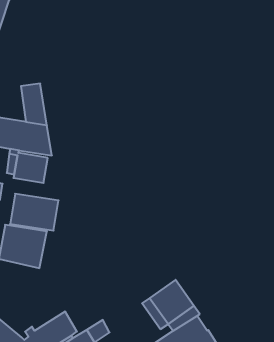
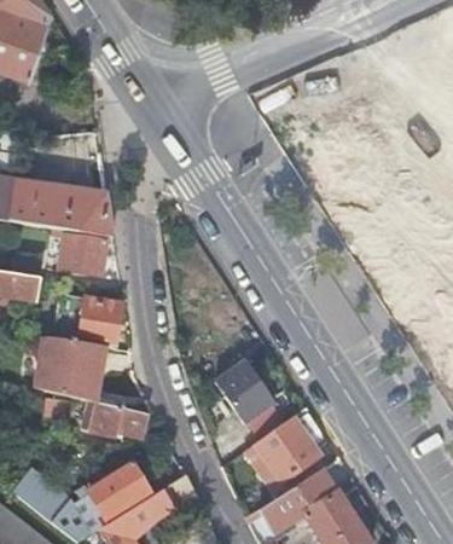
building: none -> [216,359,284,436]
building: none -> [91,403,147,438]

